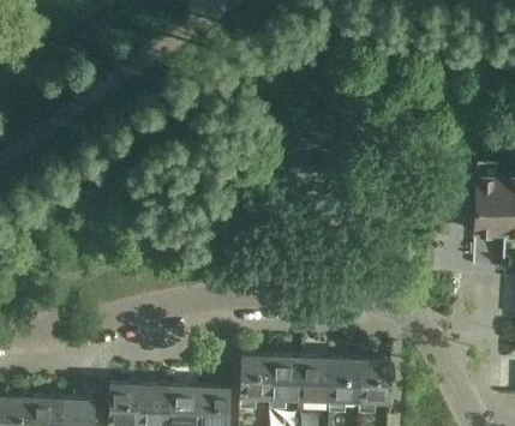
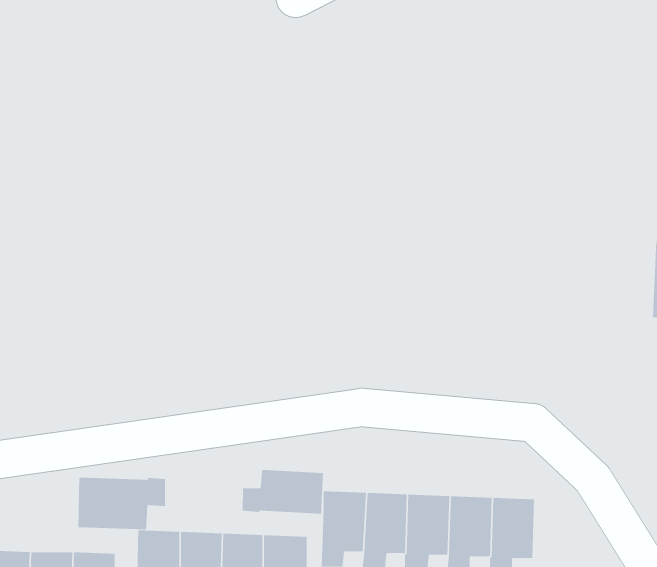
building: none -> [242,469,323,514]
building: none -> [78,477,166,530]

